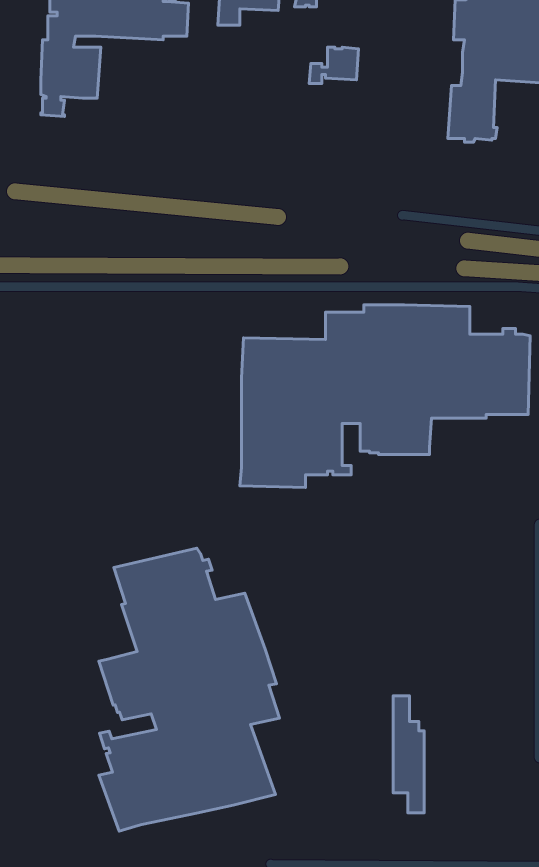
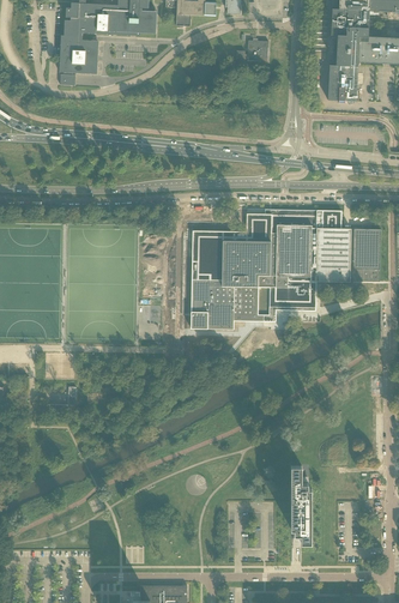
building: [99,548,279,831] -> none

